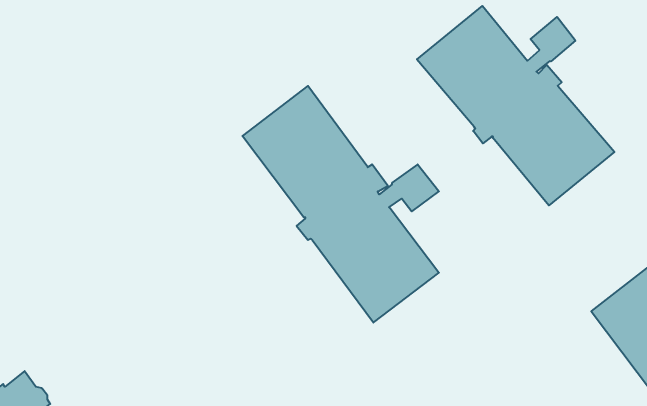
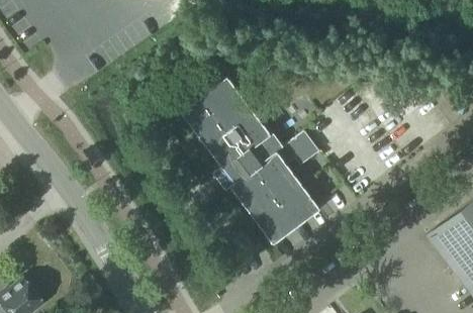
building: [417,6,614,205] -> none

